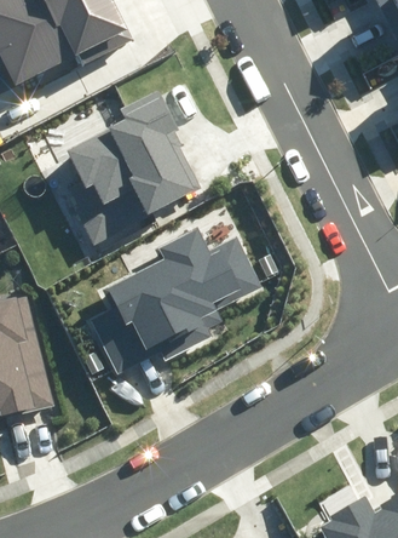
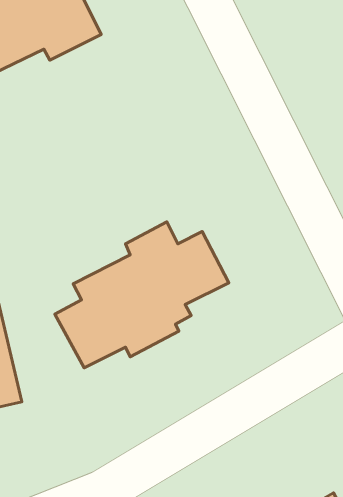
building: [63,91,202,242] -> none

